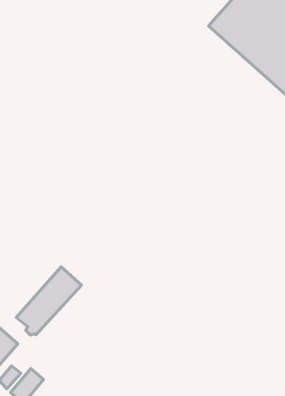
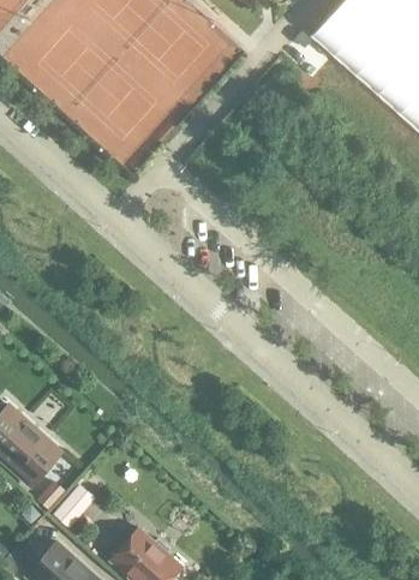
building: [16,267,82,335] -> none

